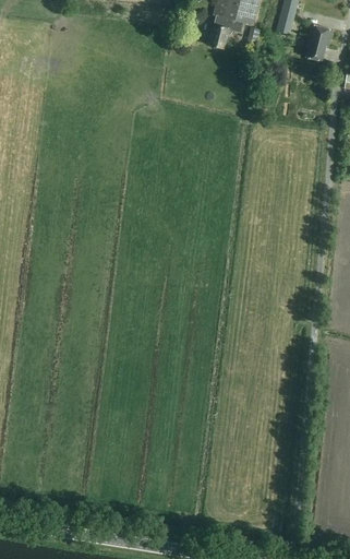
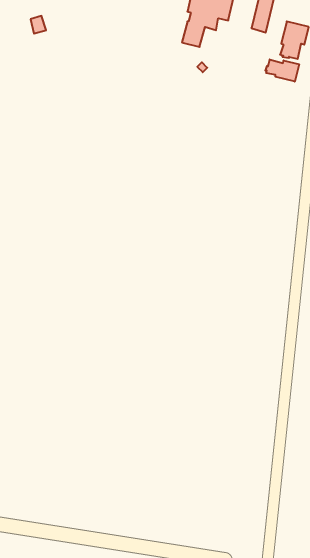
building: none -> [265,59,299,82]

